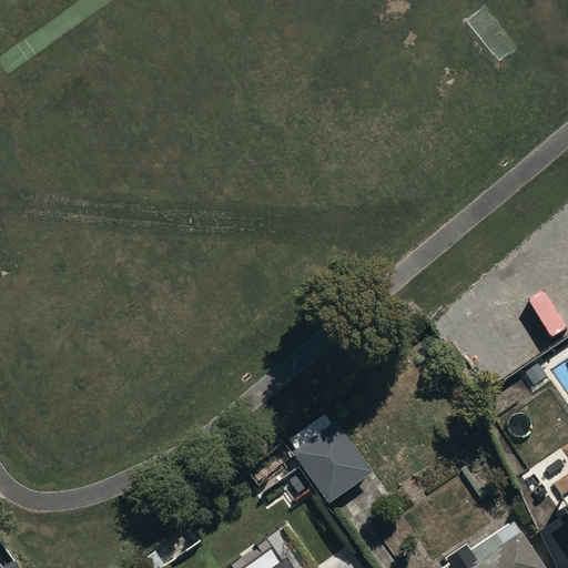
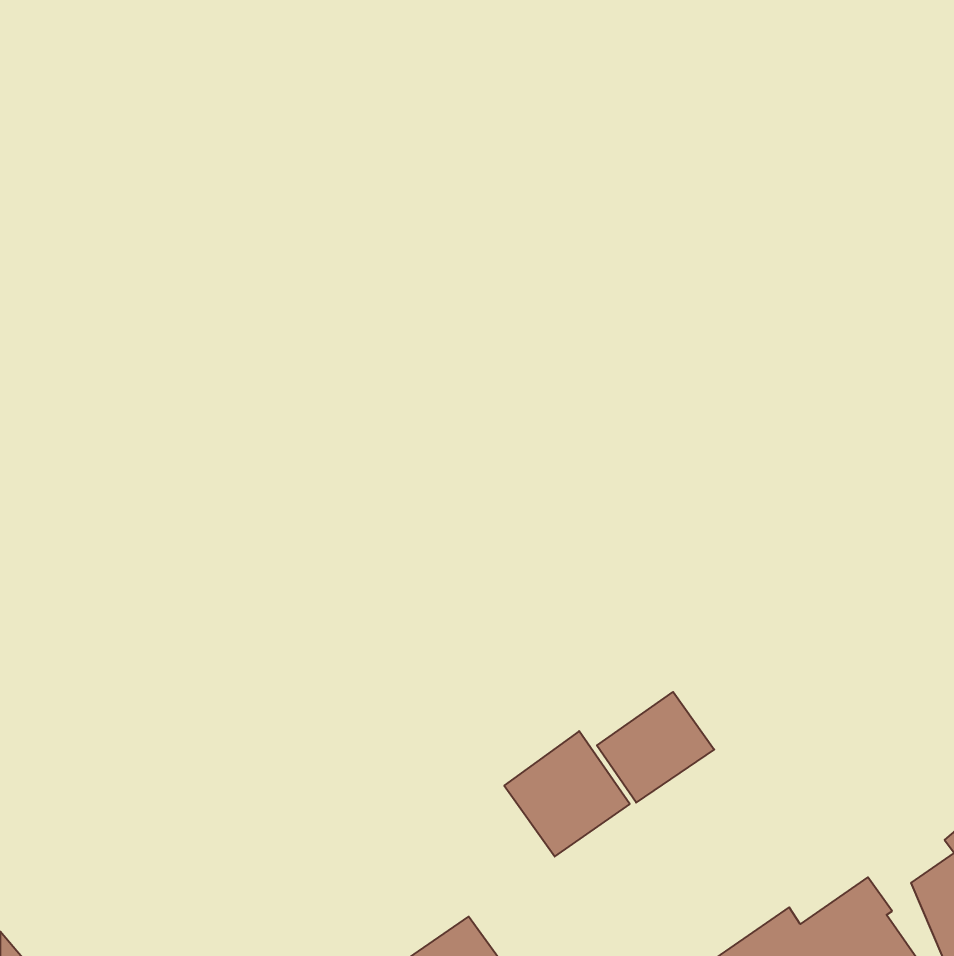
building: none -> [597,692,714,803]

